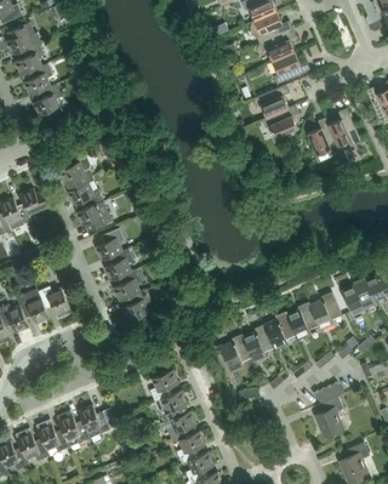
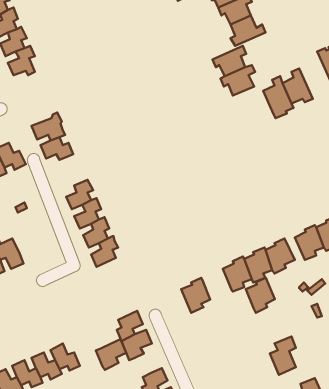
building: [76,204,113,228] -> none
building: [38,286,72,319] -> none
building: [242,325,274,363] -> [246,278,275,313]
building: [164,411,196,444] -> [96,339,126,370]

